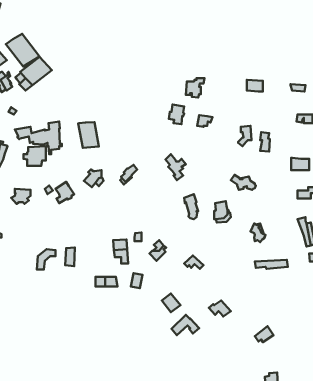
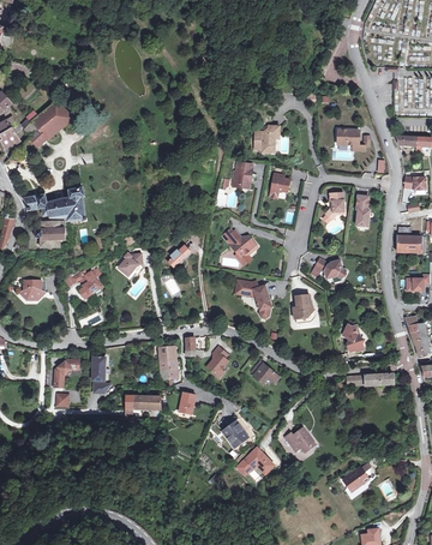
building: [6,34,40,67] -> none
building: [78,122,99,148] -> none

